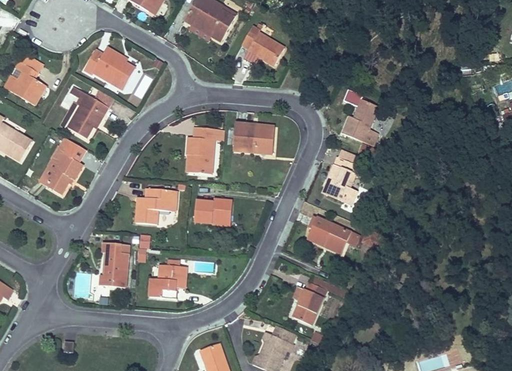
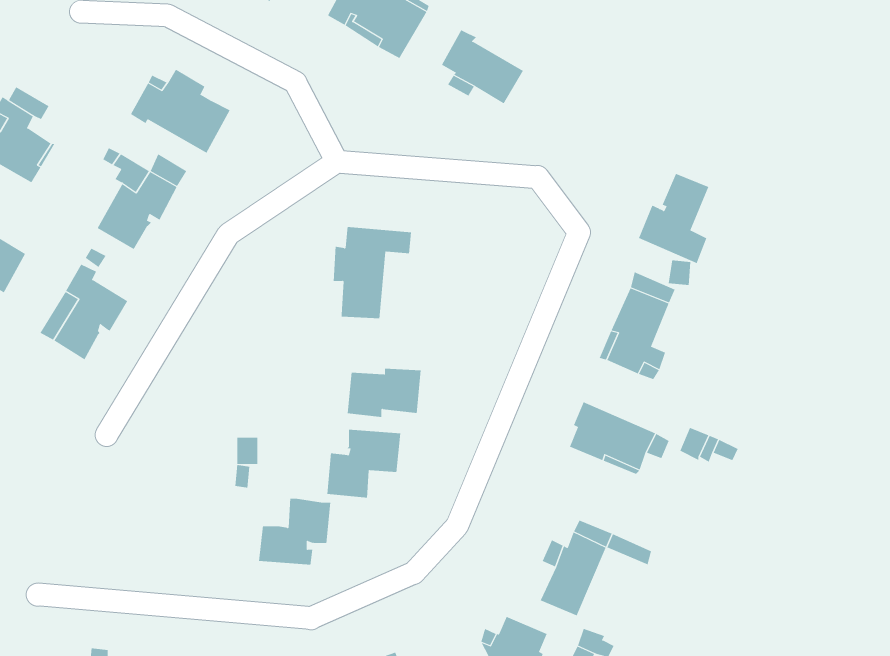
building: [233,125,274,151] -> none
building: [135,188,173,223] -> [326,429,401,498]
building: [100,242,129,286] -> none

